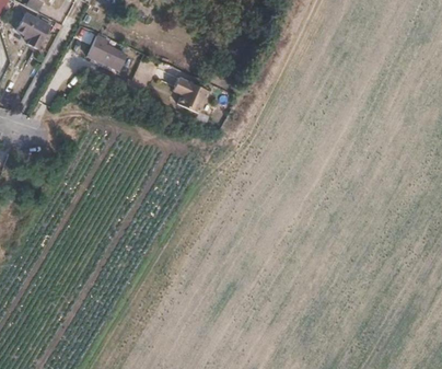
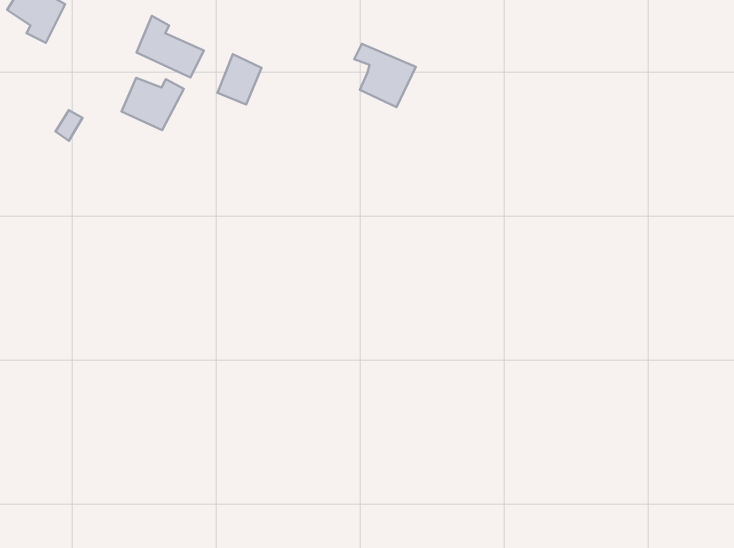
building: none -> [121,78,184,130]
building: [172,76,207,112] -> [354,44,416,107]

